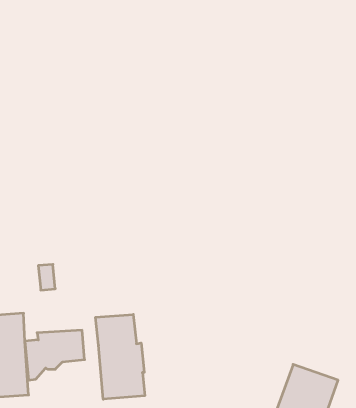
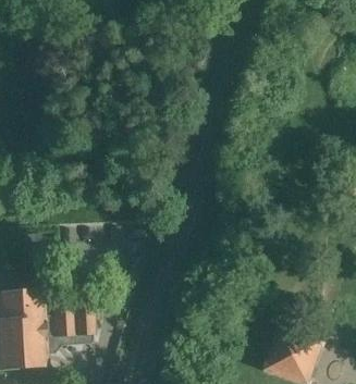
building: [96,314,145,399] -> none

